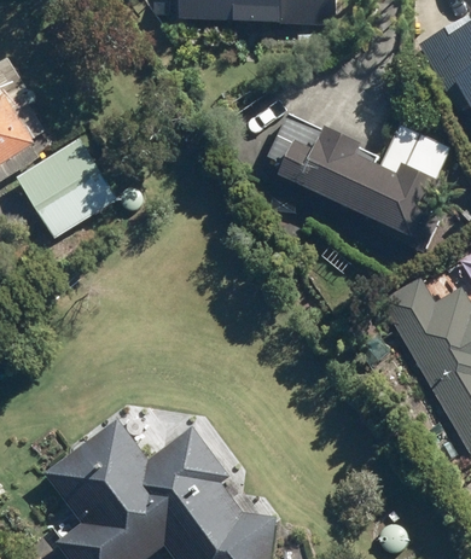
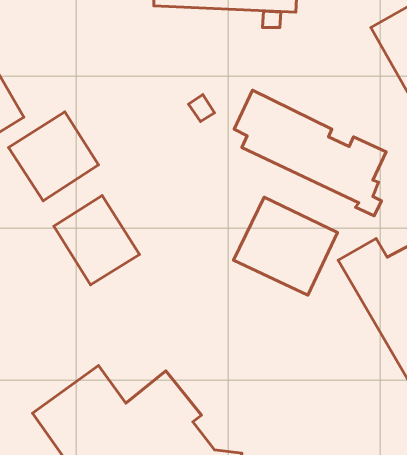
building: none -> [54,195,140,285]
building: none -> [233,197,337,295]

